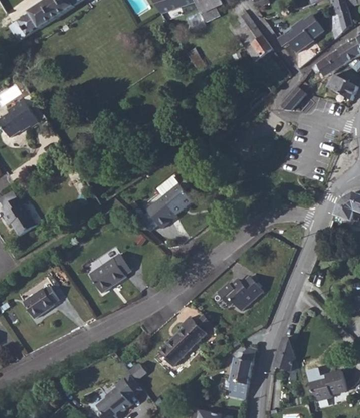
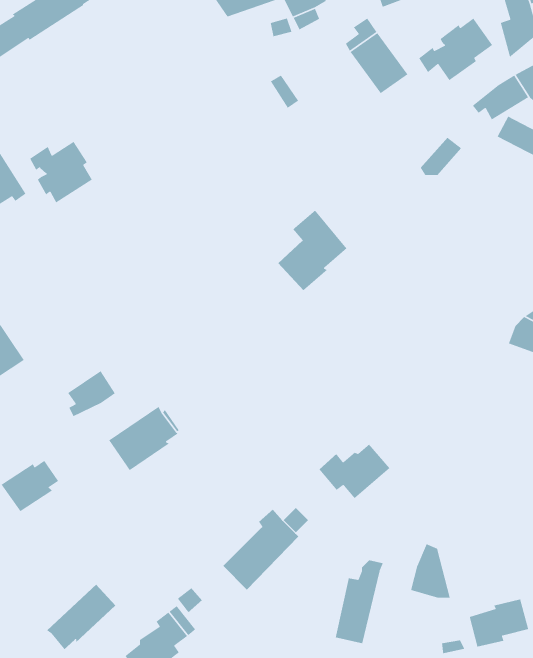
building: none -> [29,141,93,203]
building: [148,177,192,228] -> [277,209,348,291]
building: none -> [67,370,116,417]
building: none -> [46,584,116,650]

